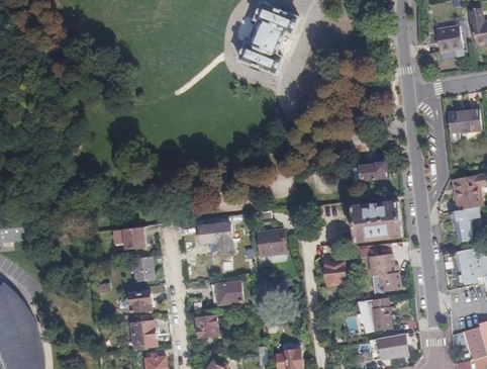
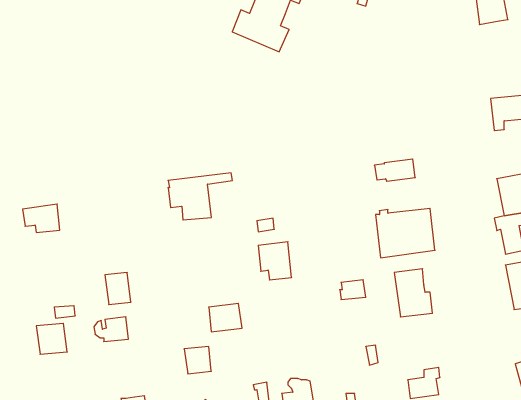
building: [198,213,251,252] -> [168,173,232,220]
building: [115,225,145,249] -> [23,204,60,232]
building: [359,297,396,333] -> none
building: [131,321,157,347] -> [36,323,67,354]

